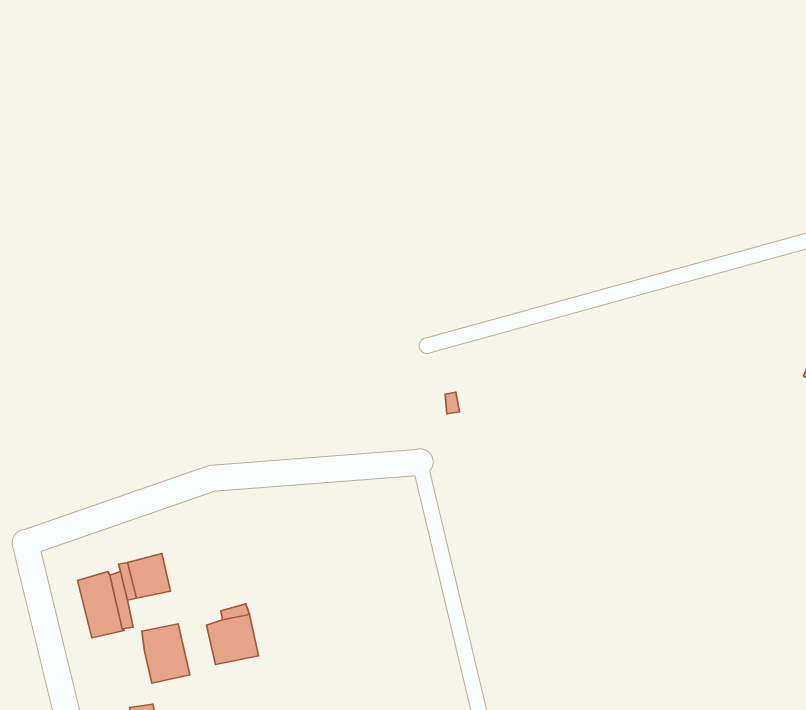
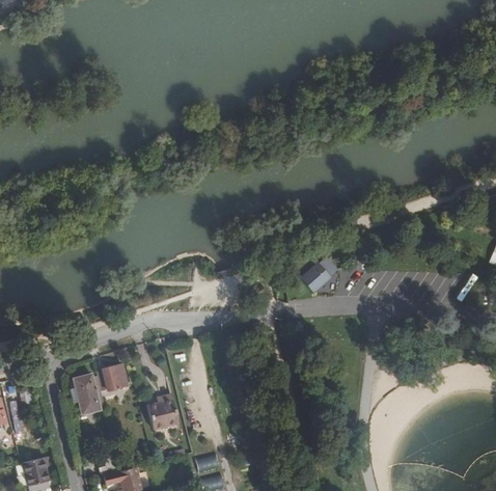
building: none -> [300,261,331,291]
building: [142,624,190,683] -> none

